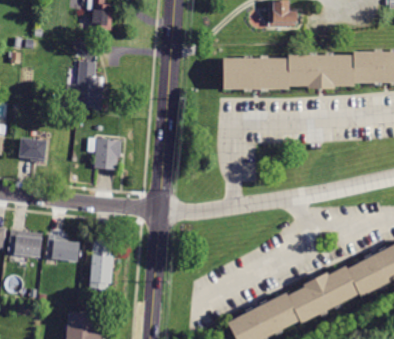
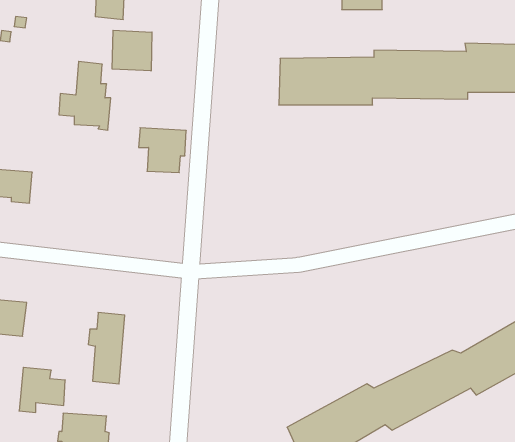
building: none -> [112,30,152,71]
building: [87,138,121,170] -> [139,128,186,173]
building: [45,234,78,266] -> [19,367,65,412]

